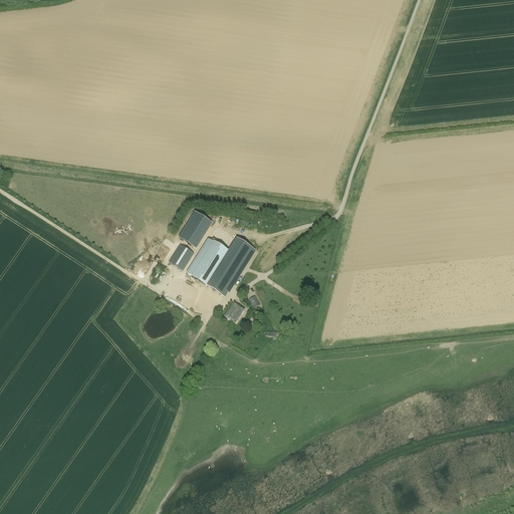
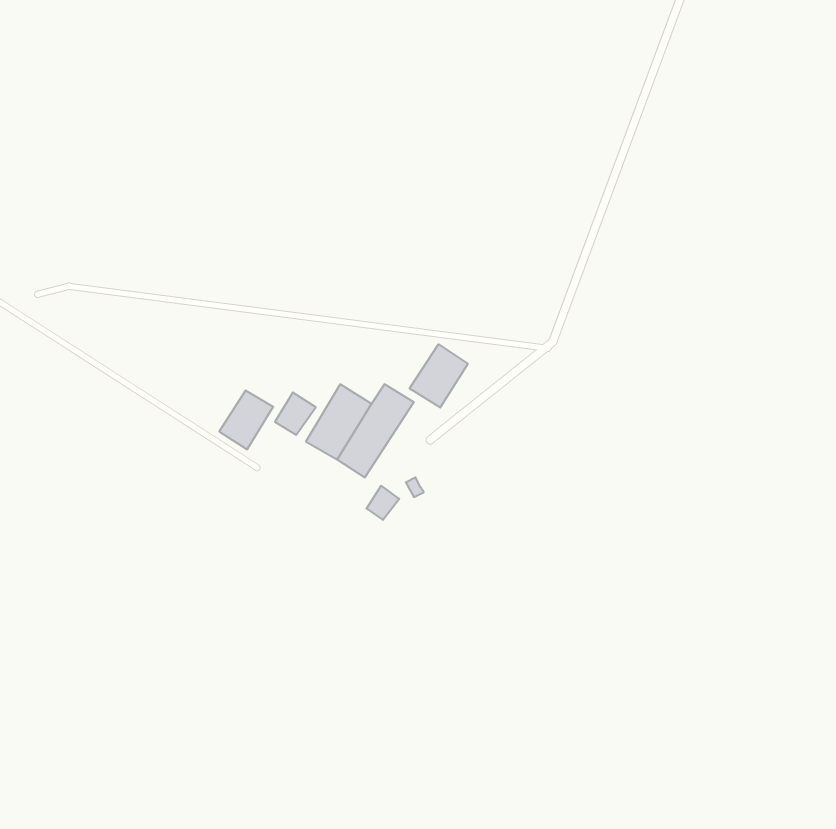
building: [179,210,212,246] -> [219,391,273,449]
building: none -> [410,344,468,408]

